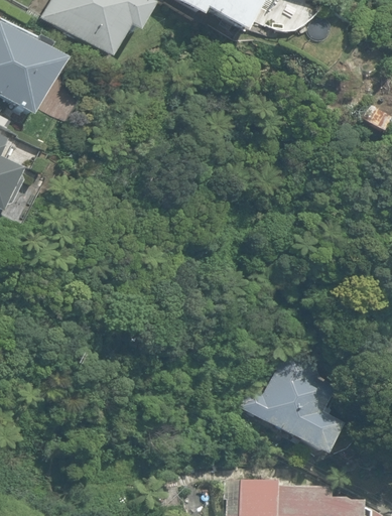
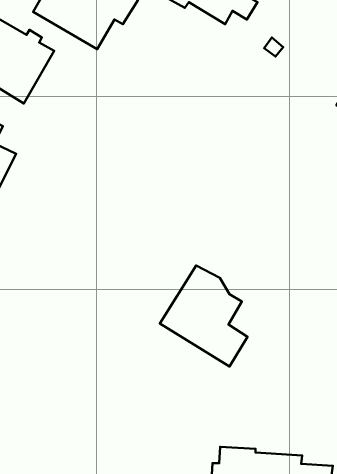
building: [250,348,343,455] -> [160,265,248,367]

